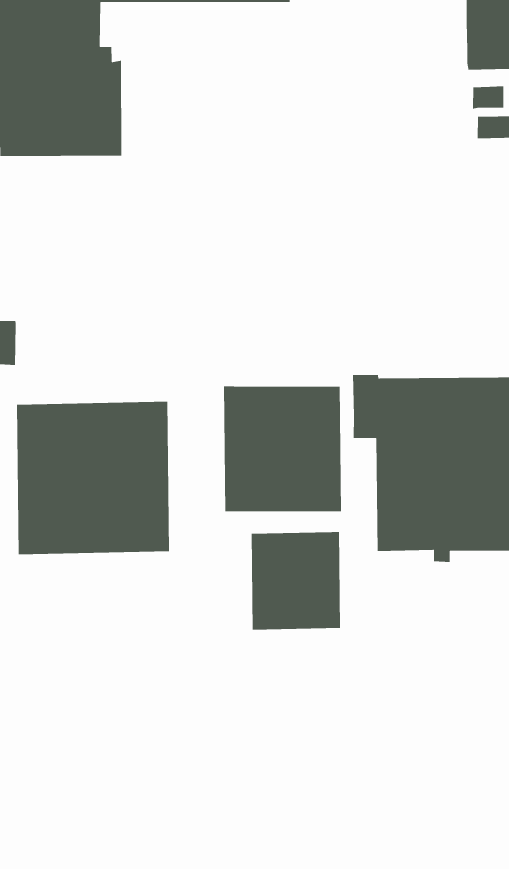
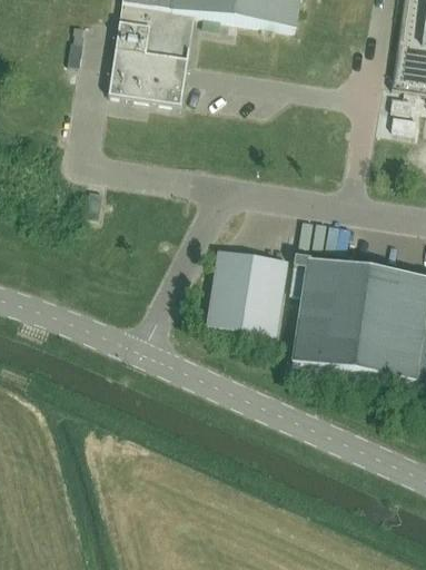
building: [16,401,170,555] -> none
building: [251,531,341,631] -> none

